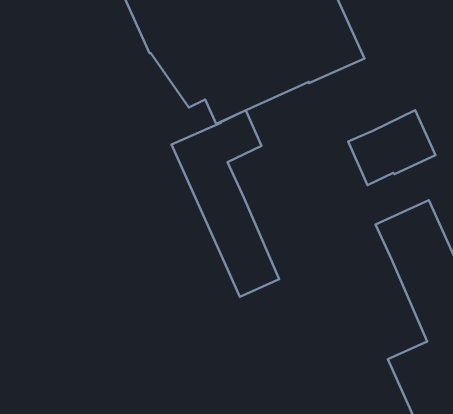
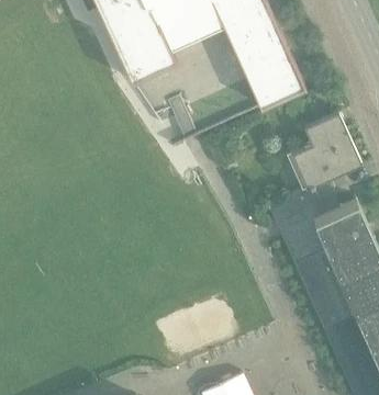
building: none -> [302,111,344,144]
building: [172,110,279,297] -> [267,178,354,328]

